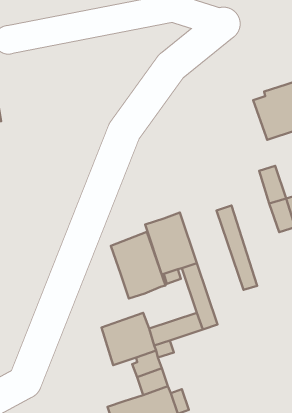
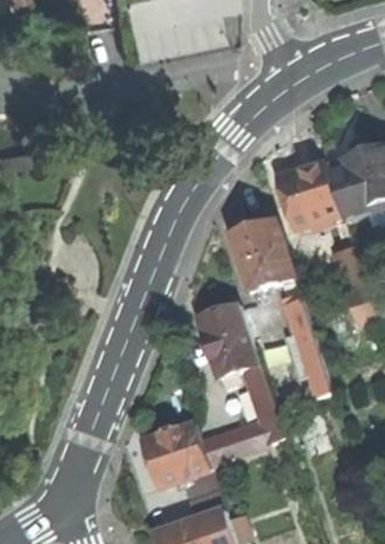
building: none -> [275,162,340,228]
building: none -> [230,220,293,291]
building: [111,232,166,299] -> none

